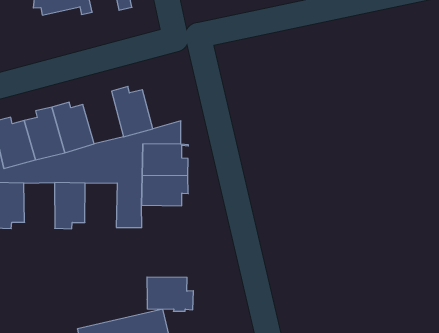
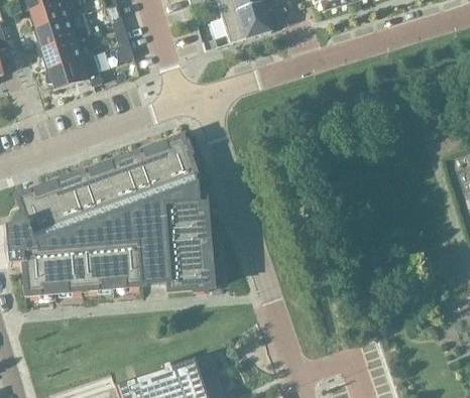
building: none -> [158,134,200,186]
building: none -> [103,154,144,206]
building: none -> [53,246,87,290]
building: none -> [112,241,145,286]
building: [147,277,193,311] -> [167,257,214,290]

